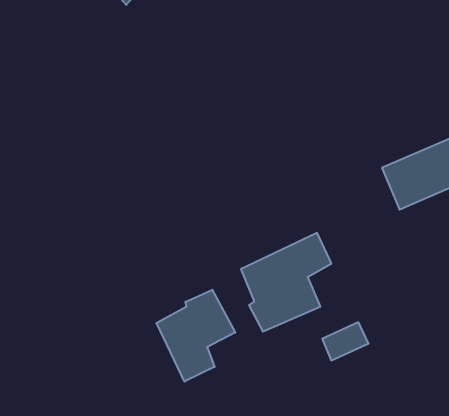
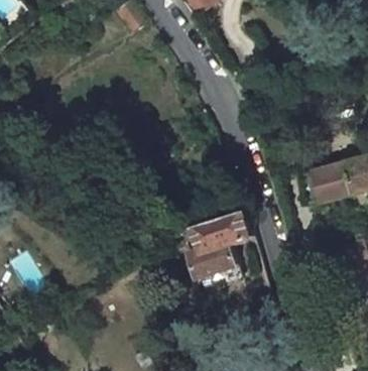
building: [156,290,235,382] -> none

